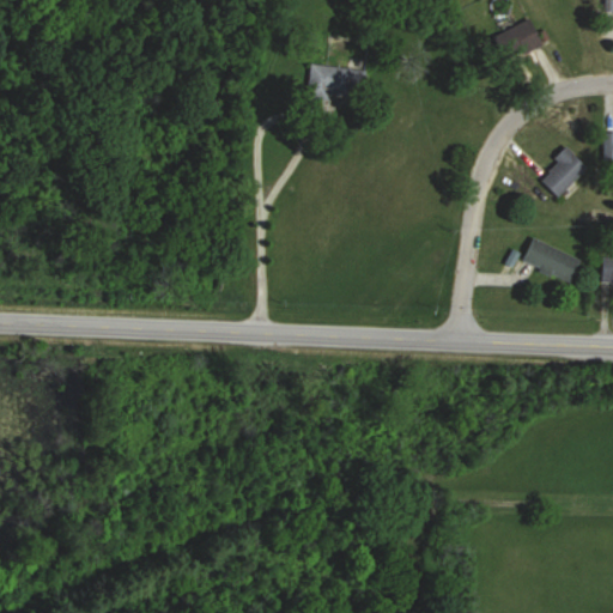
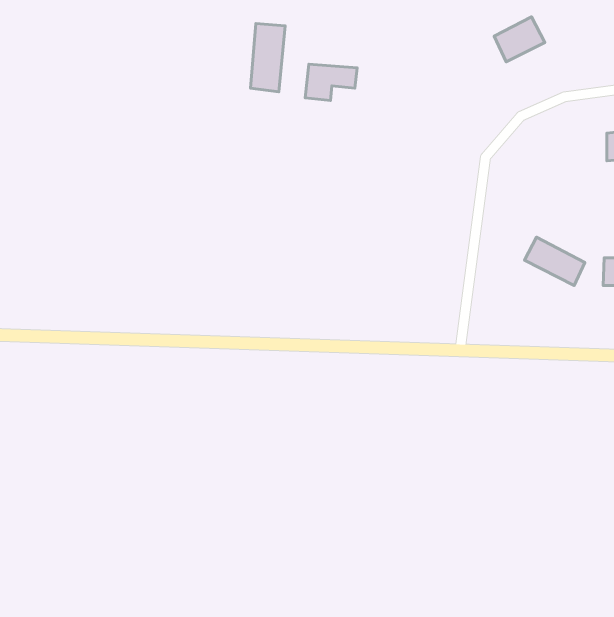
building: none -> [250,24,285,92]
building: [540,147,589,198] -> none

